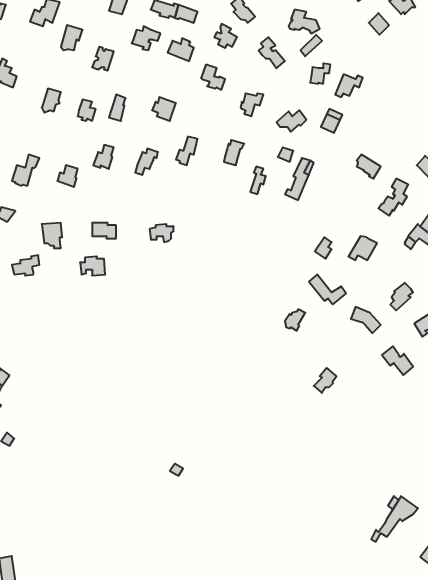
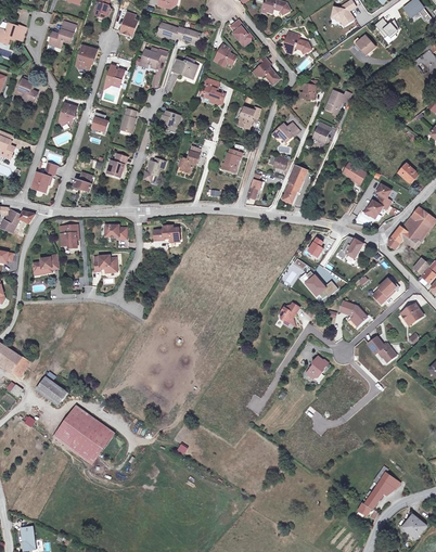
building: none -> [36,376,67,406]
building: none -> [53,405,115,464]

